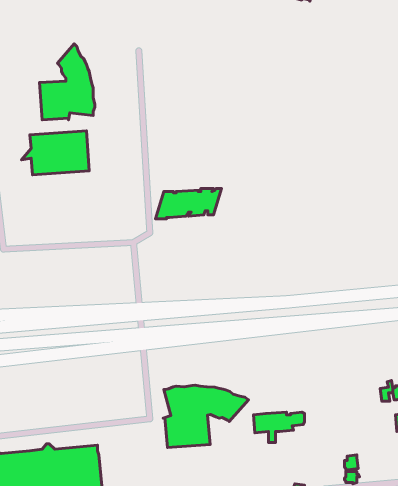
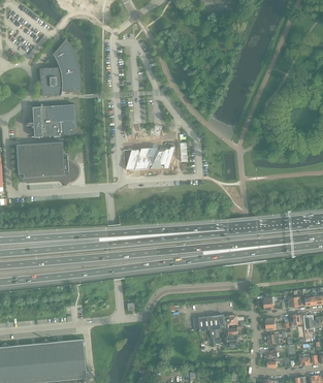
building: none -> [15,140,77,184]
building: [163,385,248,447] -> none

